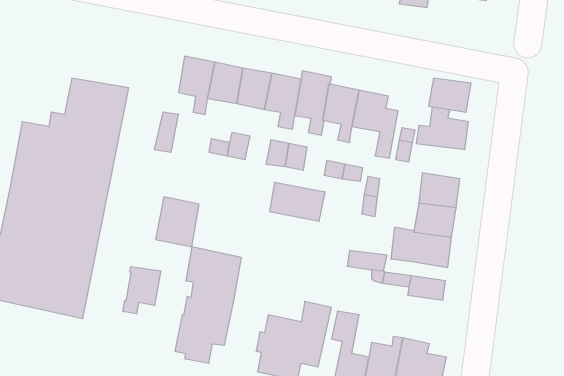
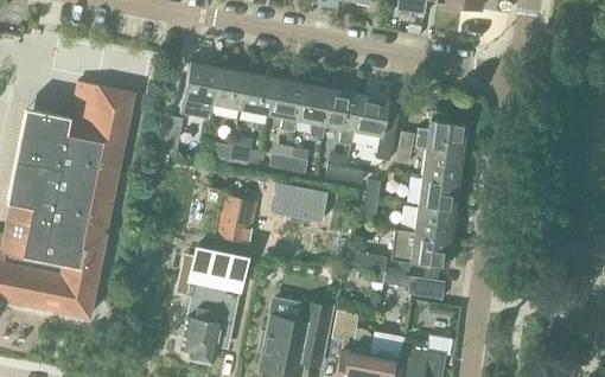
building: [429,78,471,112] -> [420,148,461,181]
building: [156,197,199,247] -> [212,194,255,243]
building: [123,267,161,314] -> none

